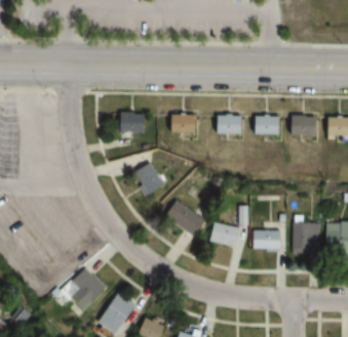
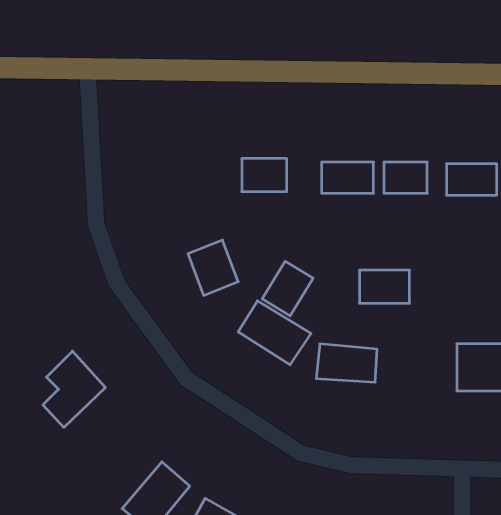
building: [113,114,144,133] -> none
building: none -> [262,261,313,316]
building: [250,231,280,251] -> [359,270,410,303]
building: [67,267,104,312] -> [43,351,105,427]

